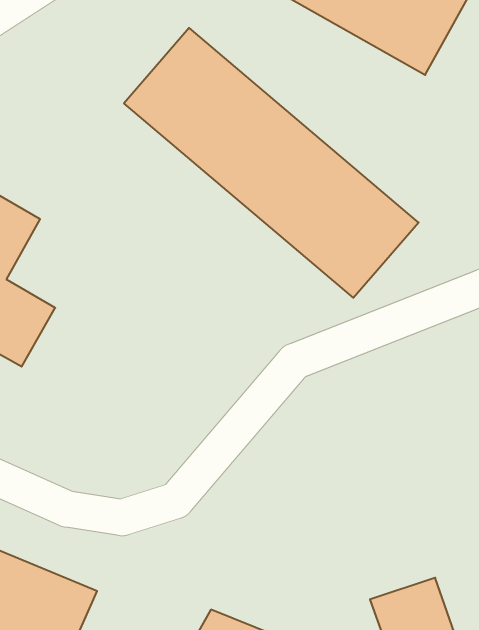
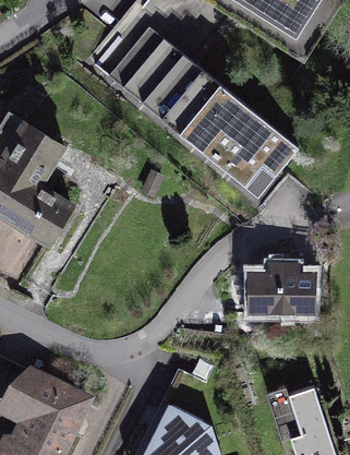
building: none -> [242,262,312,313]

